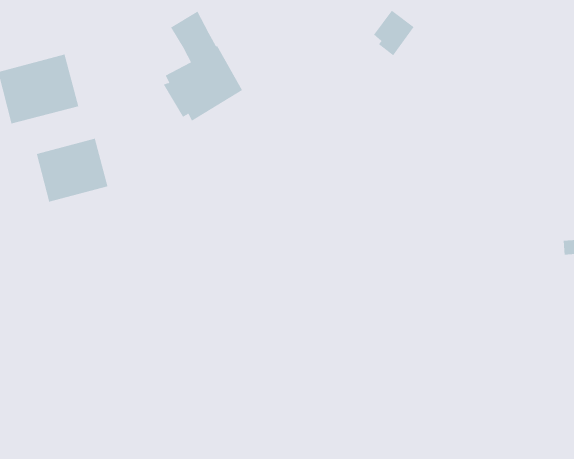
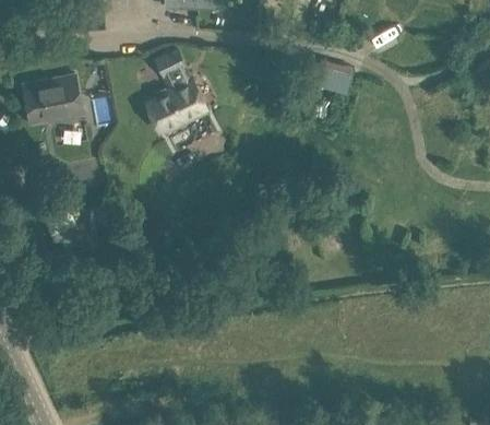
building: [36,138,108,202] -> none

